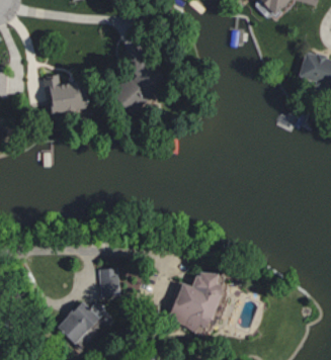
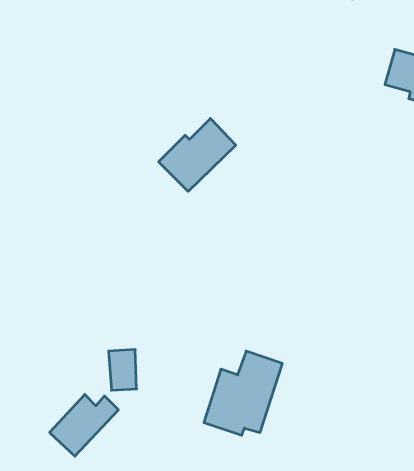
building: [112,64,168,116] -> [159,118,236,191]
building: [45,77,89,115] -> none

